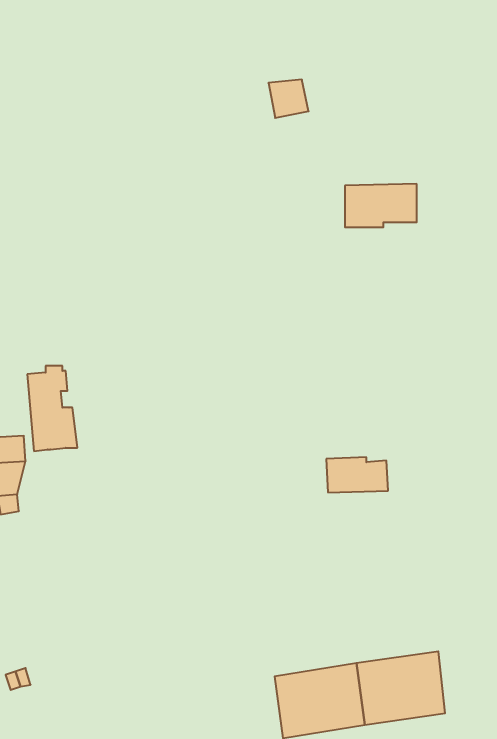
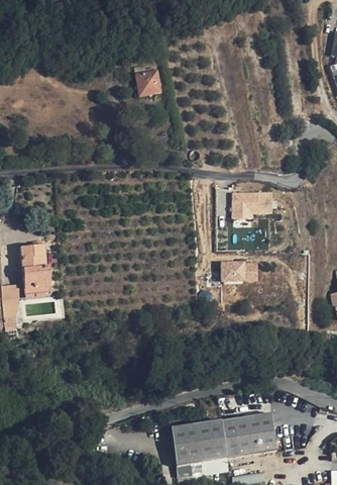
building: [268,80,309,118] -> [135,73,159,96]
building: [345,184,417,227] -> [230,191,273,217]
building: [326,457,388,492] -> [221,260,258,281]

